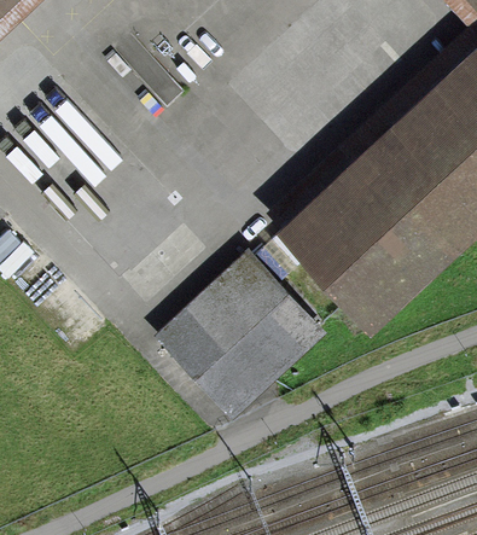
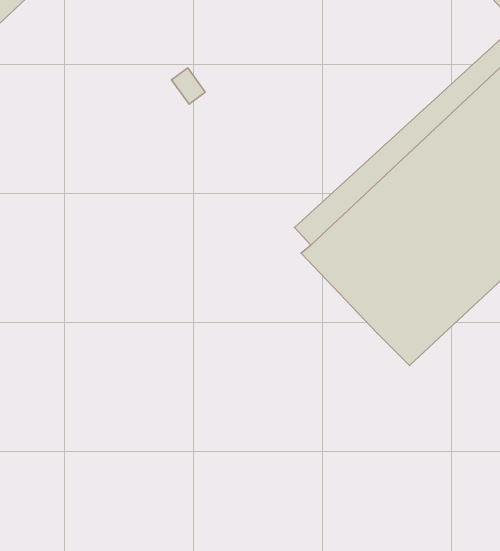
building: [157,246,330,417] -> none

